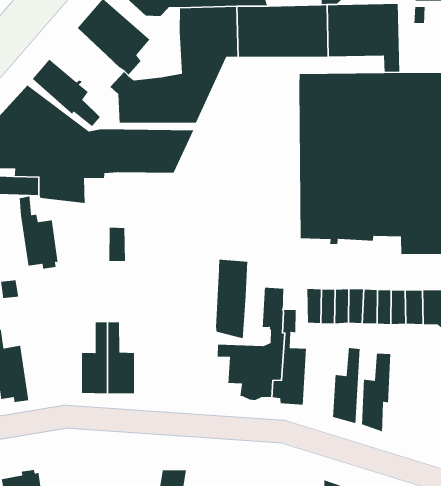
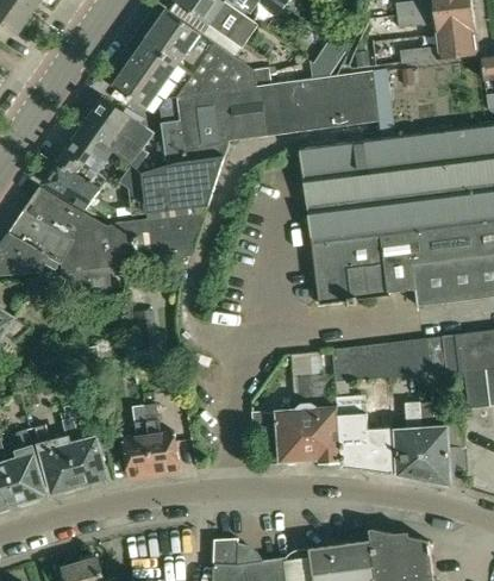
building: none -> [160,98,186,165]
building: none -> [58,129,112,188]
building: [19,196,58,270] -> [61,417,106,486]
building: [215,259,248,339] -> [336,395,369,470]
building: none -> [417,401,465,485]

